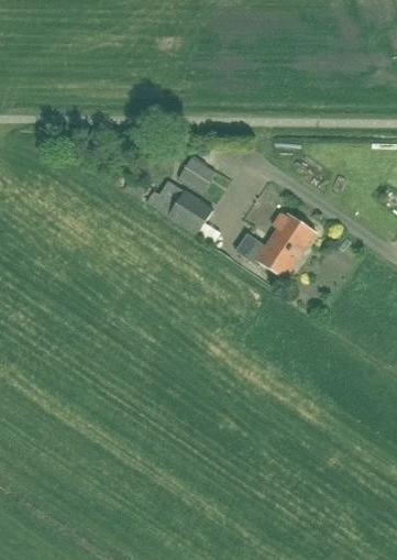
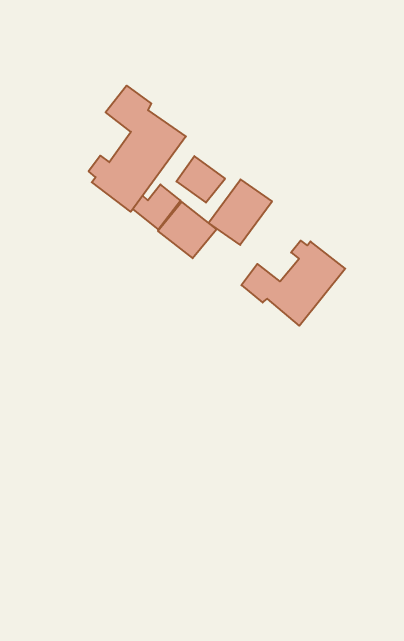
building: none -> [89,86,186,212]
building: none -> [208,179,272,245]

